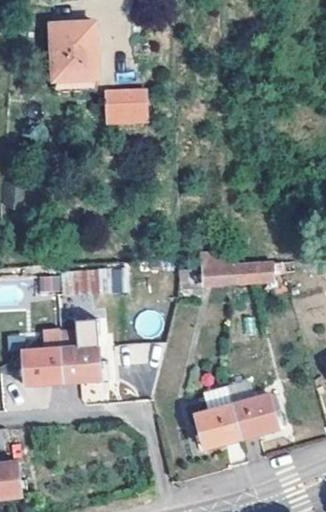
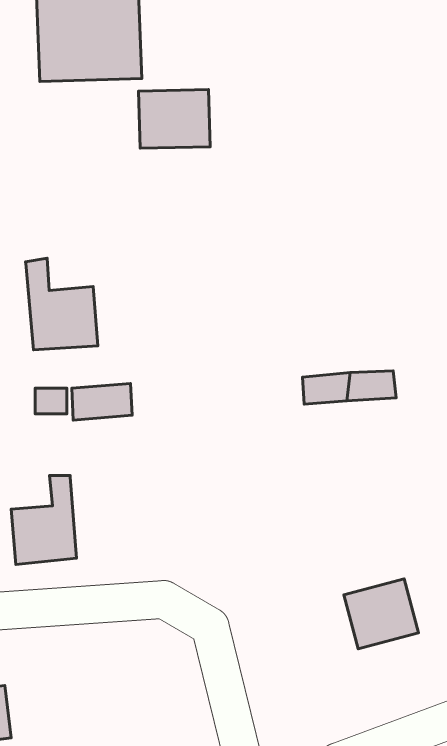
building: none -> [26,258,98,350]
building: [59,330,102,382] -> none
building: [195,386,240,448] -> none

